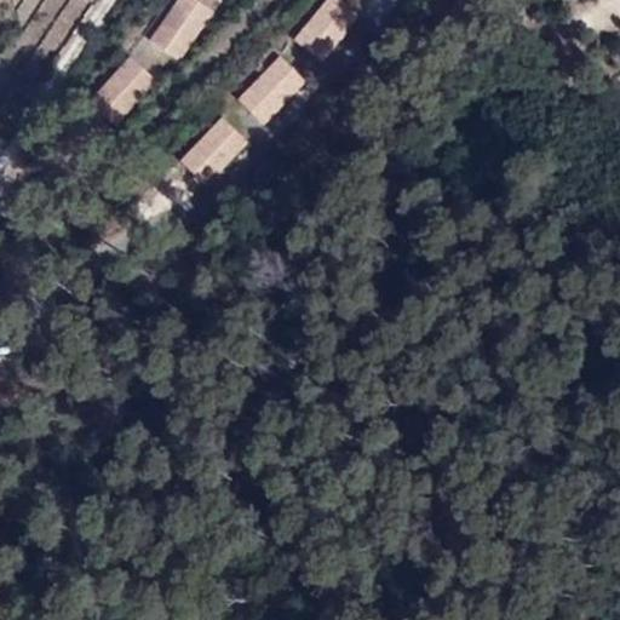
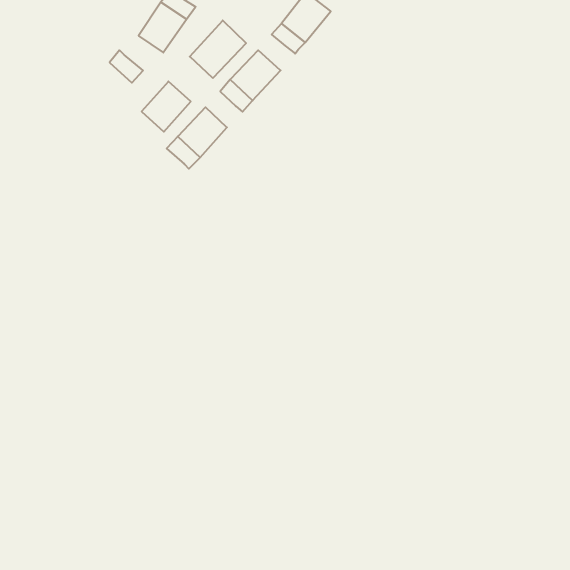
building: none -> [190,20,246,78]
building: [90,68,143,122] -> [142,81,191,132]

